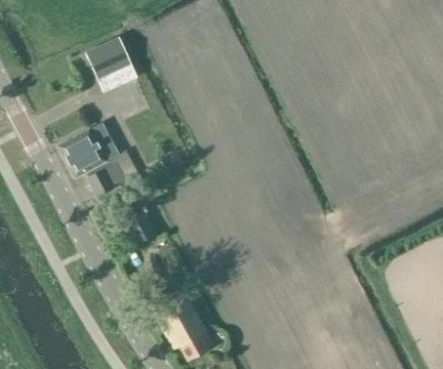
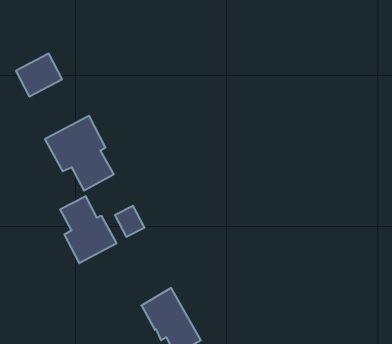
building: [87,46,133,89] -> [16,54,62,97]
building: none -> [60,196,116,263]

